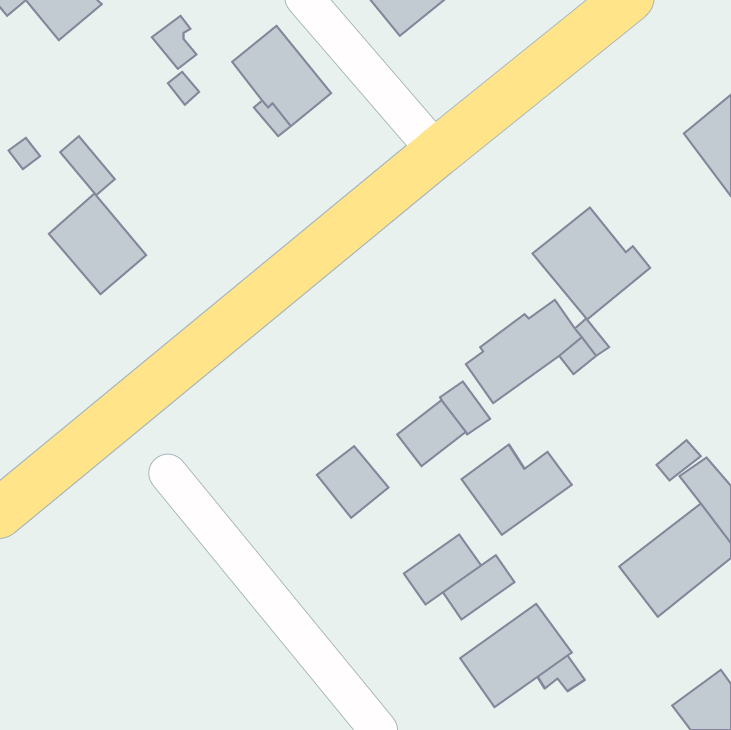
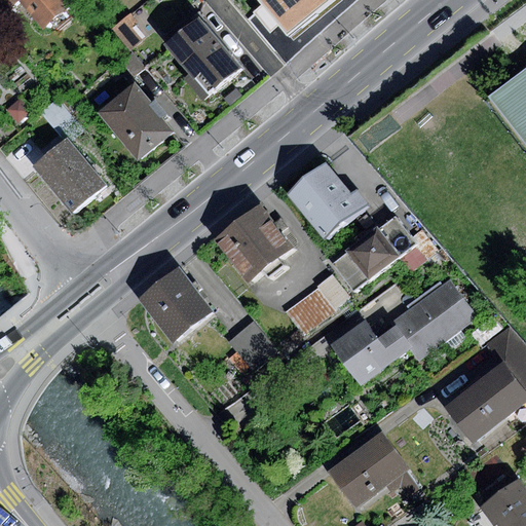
building: none -> [107,89,181,164]
building: [533,208,650,319] -> [284,160,368,240]
building: none -> [217,208,296,285]
building: none -> [140,268,213,341]
building: none -> [390,277,478,359]
building: [404,534,481,604] -> none

